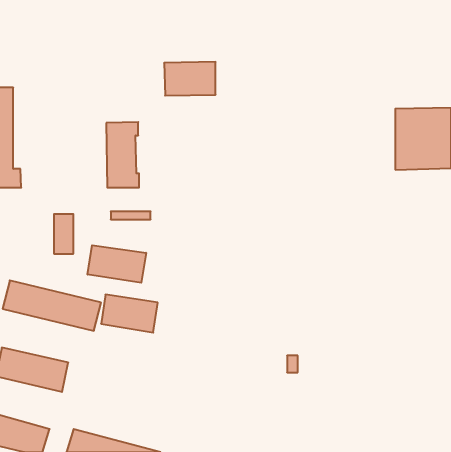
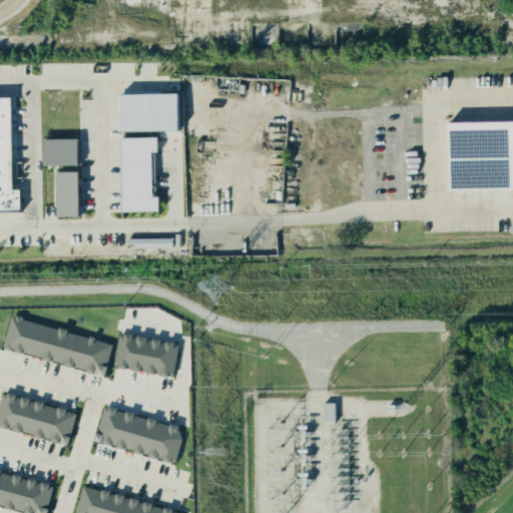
building: [164,62,216,96] -> [118,94,176,132]
building: none -> [42,139,76,167]
building: [54,214,73,254] -> [55,173,77,218]
building: [88,245,146,283] -> none
building: none -> [96,407,184,462]

